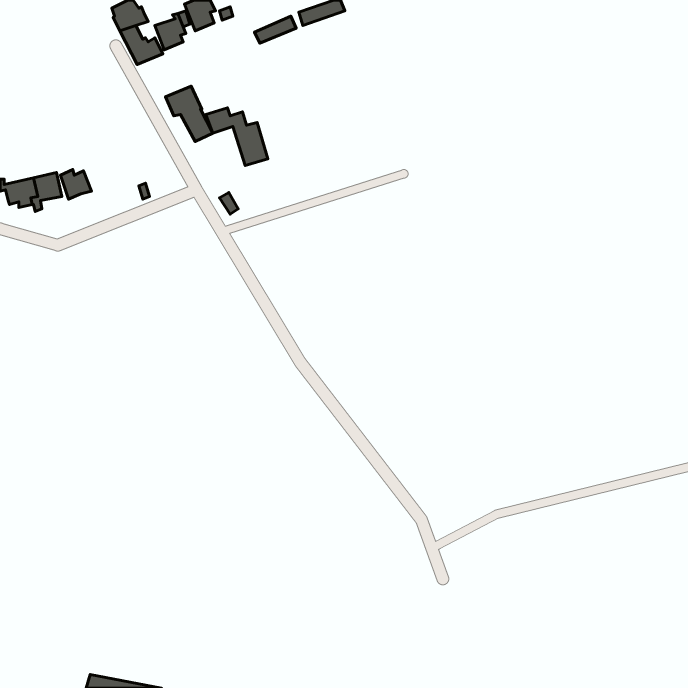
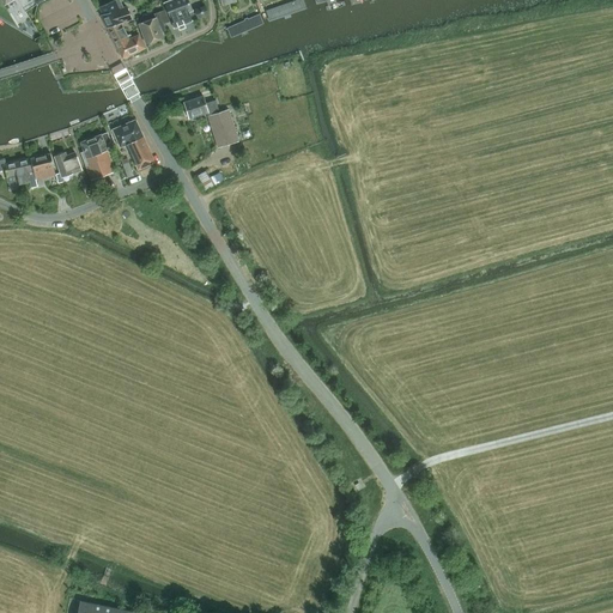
building: [166,86,213,141] -> [113,120,154,169]
building: none -> [80,133,115,181]

